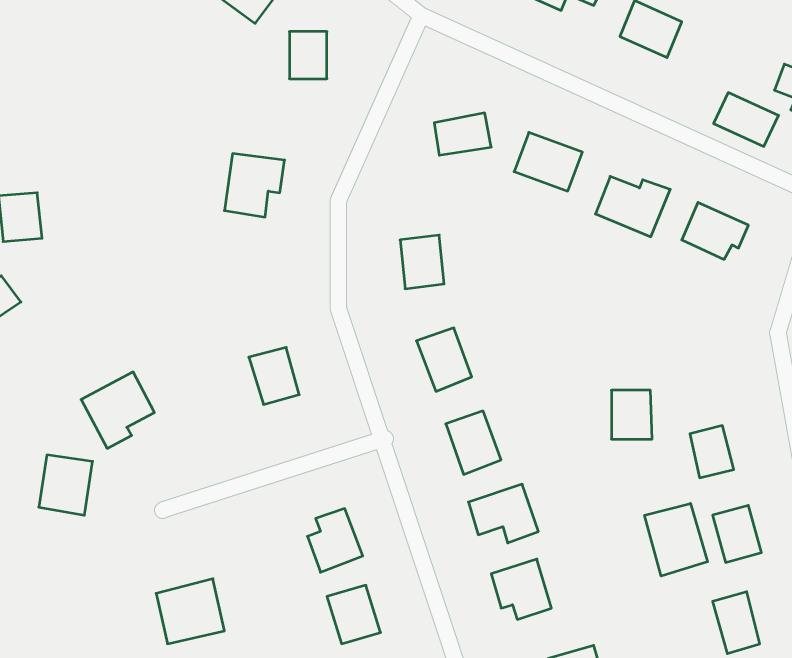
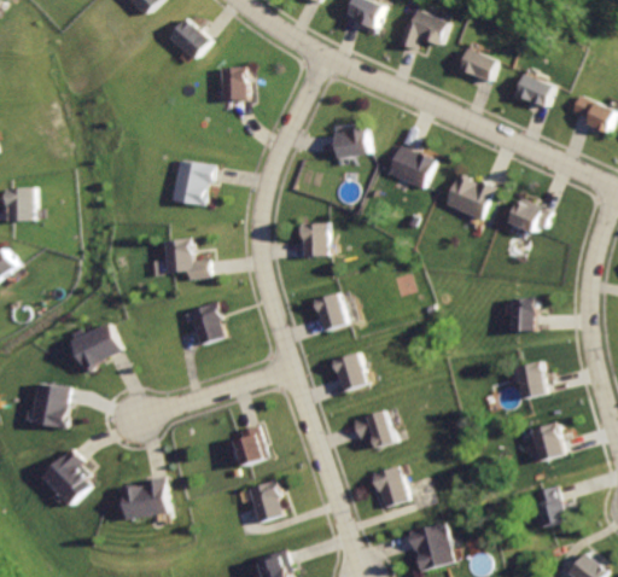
building: [714,93,779,146] -> [514,70,562,110]
building: none -> [162,239,209,285]
building: [611,390,652,439] -> [508,297,538,333]
building: [645,503,708,576] -> none
building: none -> [45,448,93,505]

